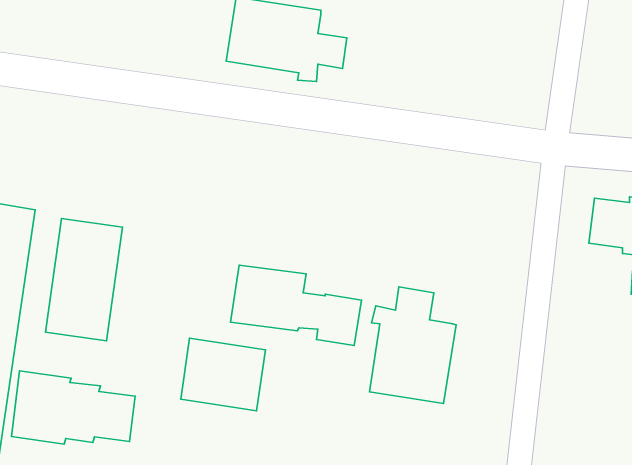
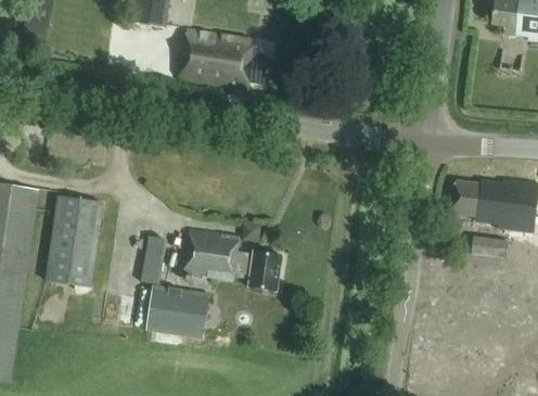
building: none -> [140,234,166,282]
building: [369,287,456,403] -> none
building: [11,371,135,444] -> none

